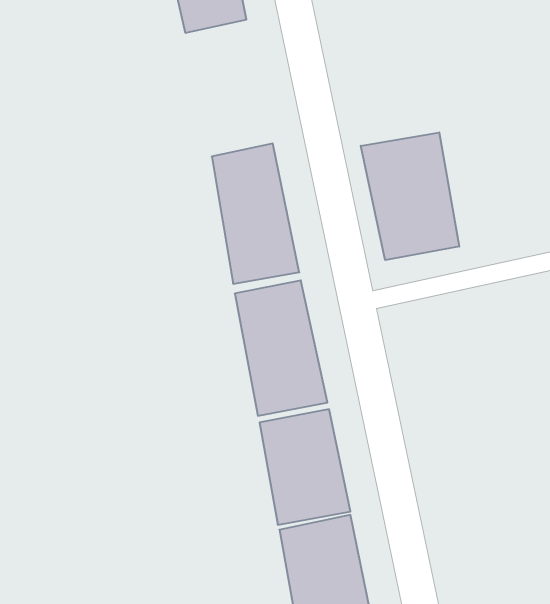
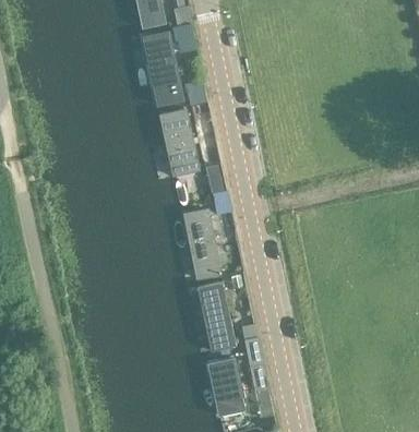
building: none -> [143,23,199,107]
building: [361,132,459,260] -> none

